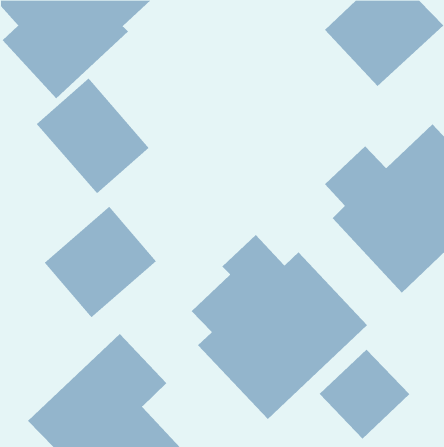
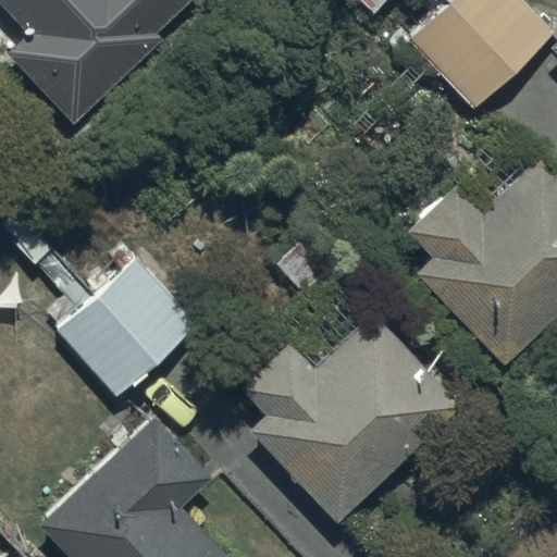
building: [36,78,150,194] -> none
building: [319,349,410,440] -> none

